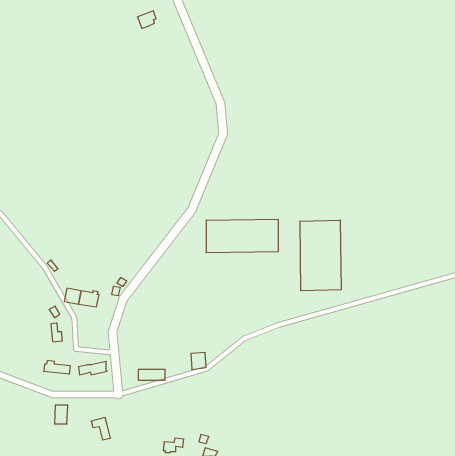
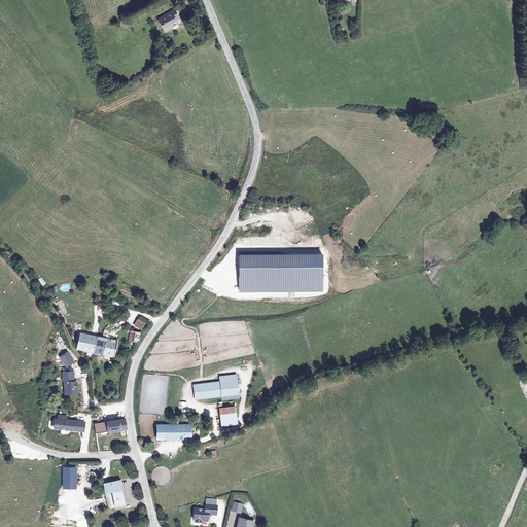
building: [300,220,341,291] -> none
building: none -> [195,376,239,399]

